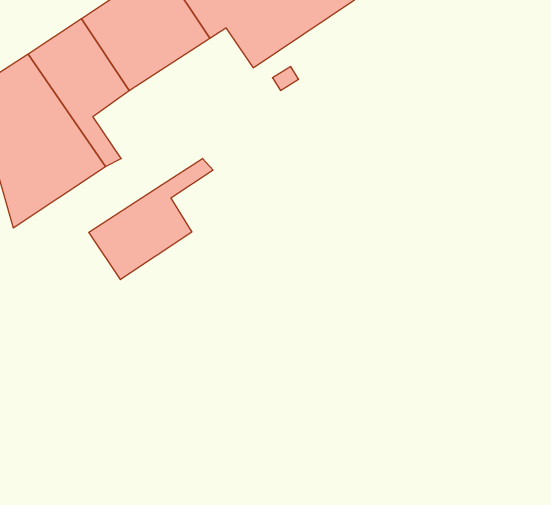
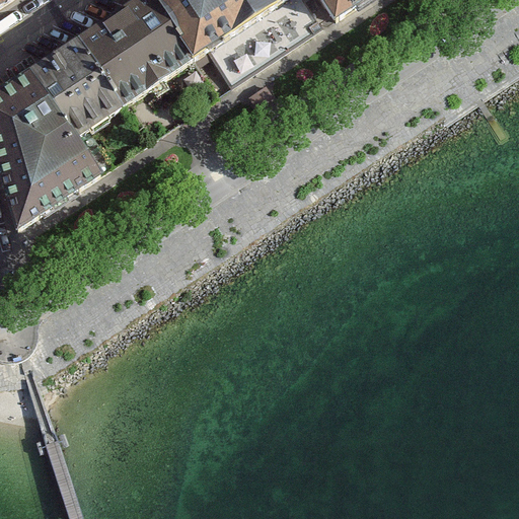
building: [89,158,213,280] -> none

